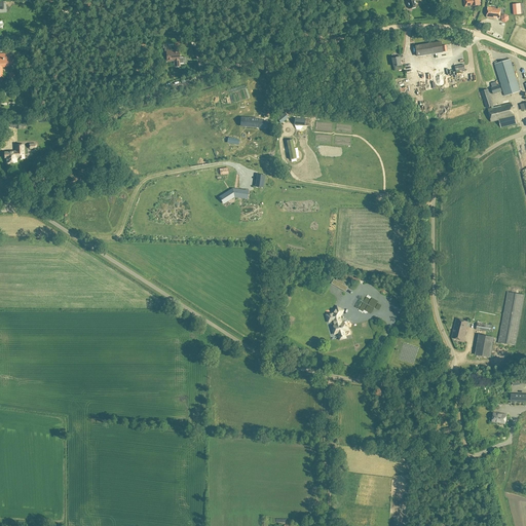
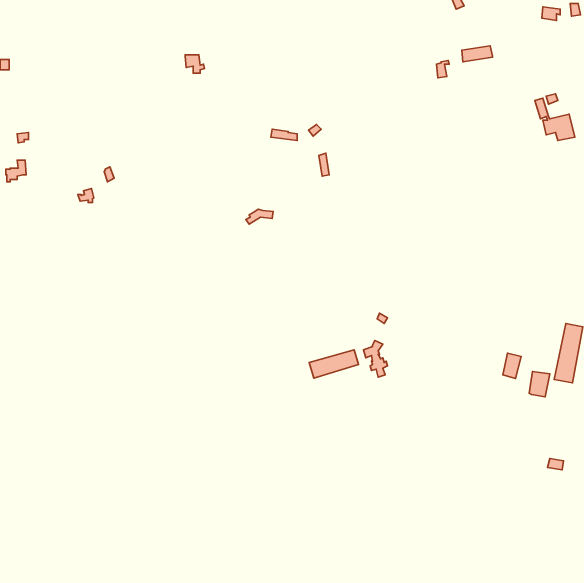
building: [495,59,520,95] -> none
building: none -> [309,350,359,378]

